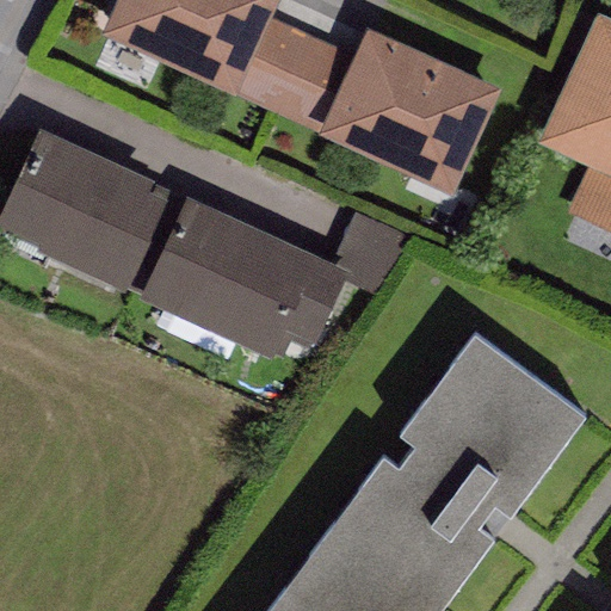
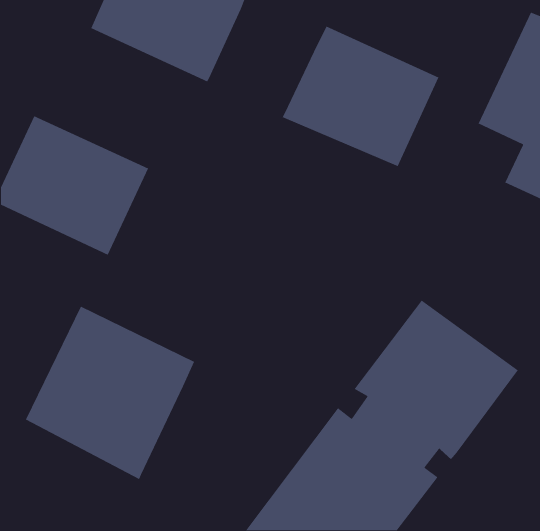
building: [237,11,358,128] -> none
building: [137,196,344,362] -> none
building: none -> [25,306,195,480]

